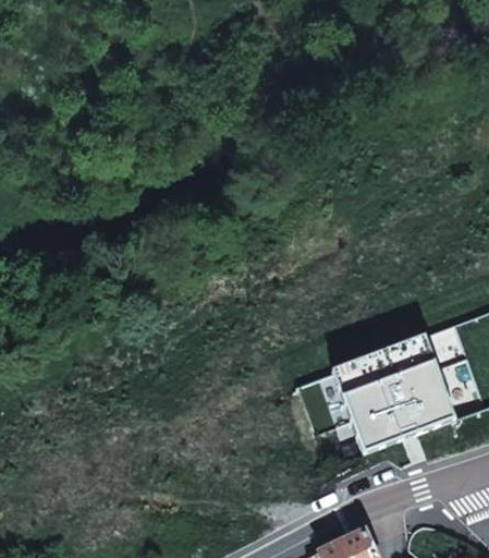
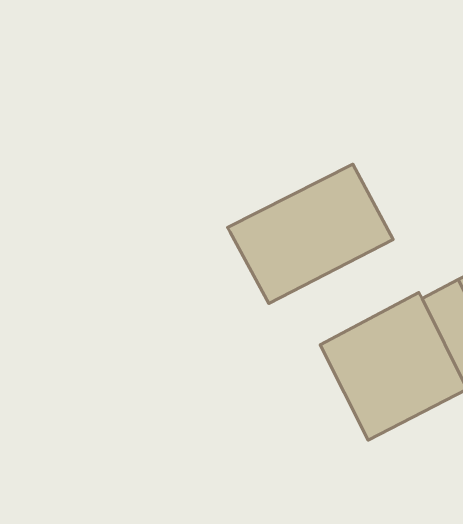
building: none -> [228,164,393,303]

